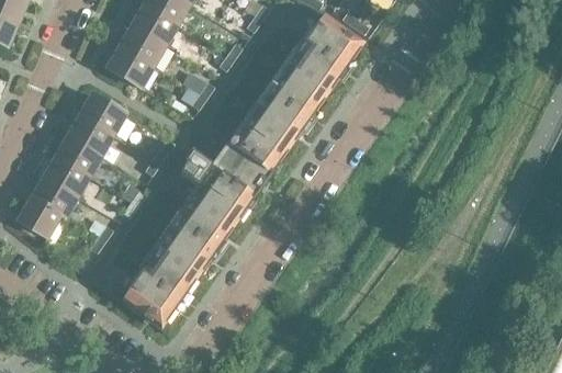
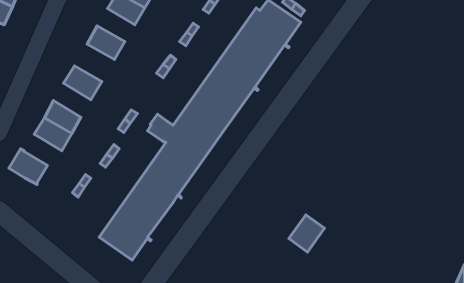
building: [119,26,164,66] -> none
building: [66,116,111,157] -> none
building: [31,178,76,218] -> none
building: none -> [289,215,325,252]

